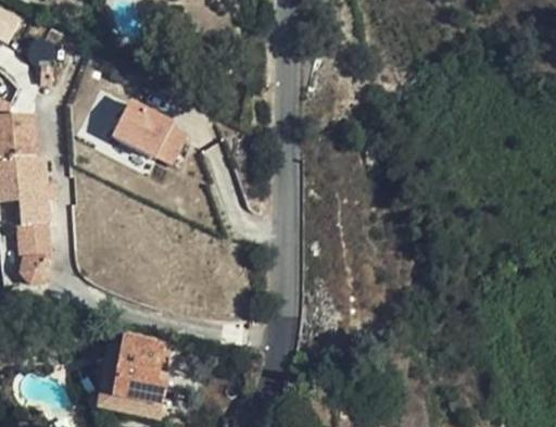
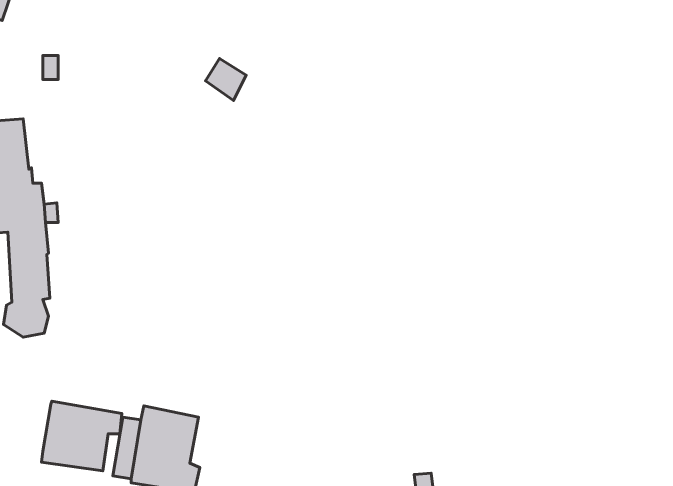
building: [84,89,191,165] -> none
building: none -> [42,401,122,471]

